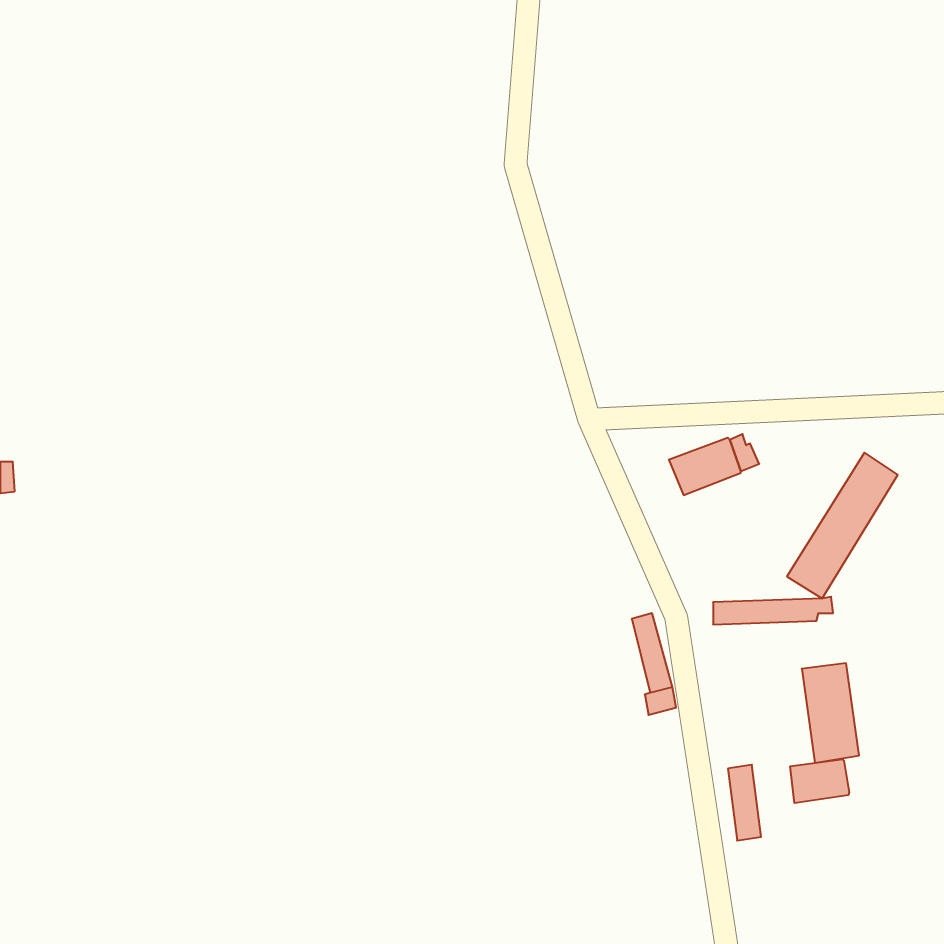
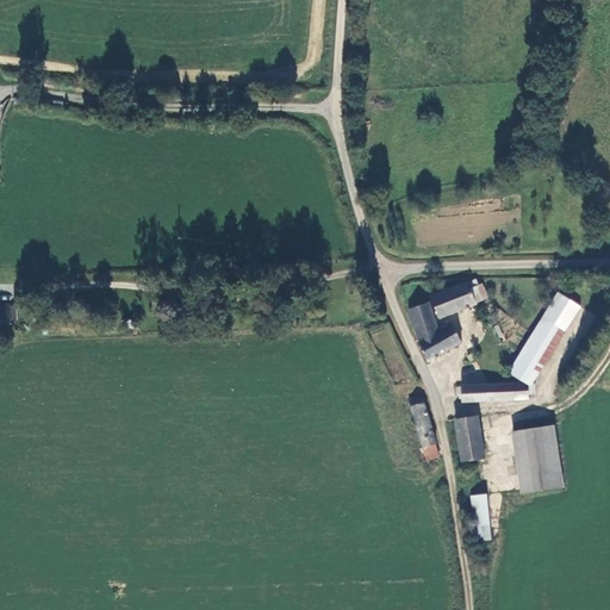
building: none -> [410,303,462,360]
building: none -> [452,415,483,460]
building: [790,759,849,803] -> none

